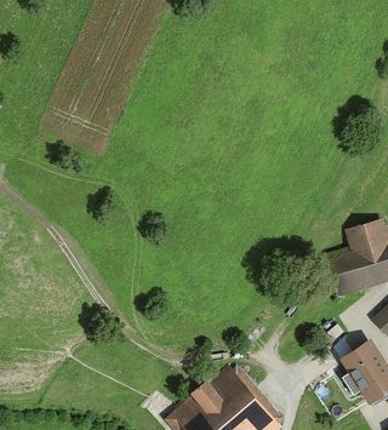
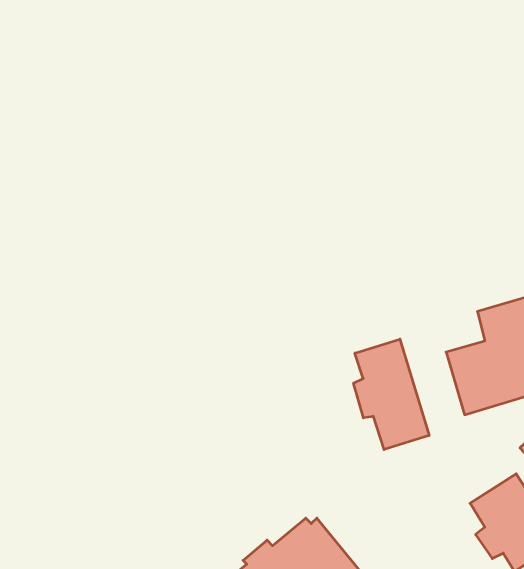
building: none -> [354,339,429,450]

